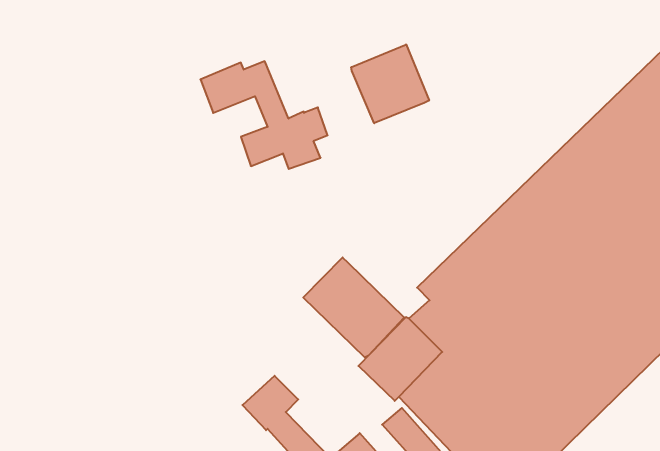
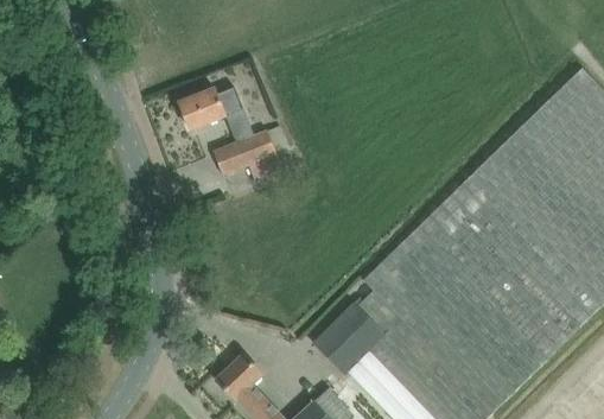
building: [351,44,429,123] -> none
building: [303,257,404,357] -> none

